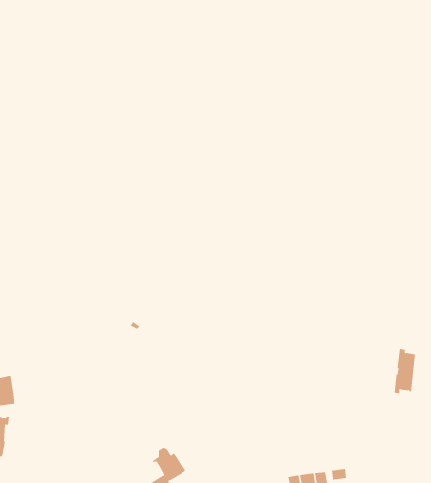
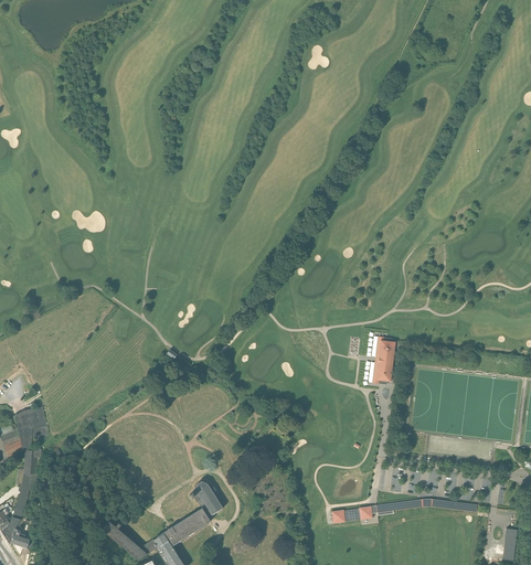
building: [394,348,416,394] -> [372,337,395,384]

